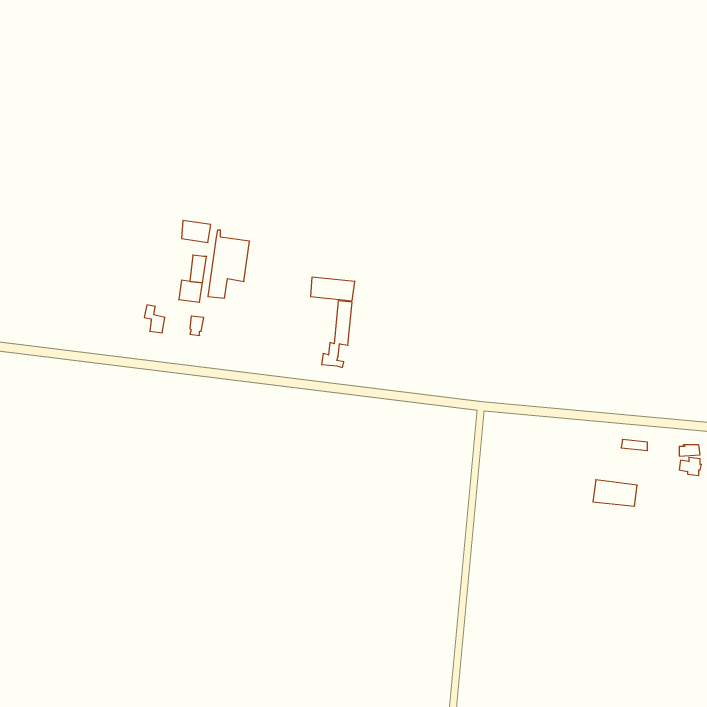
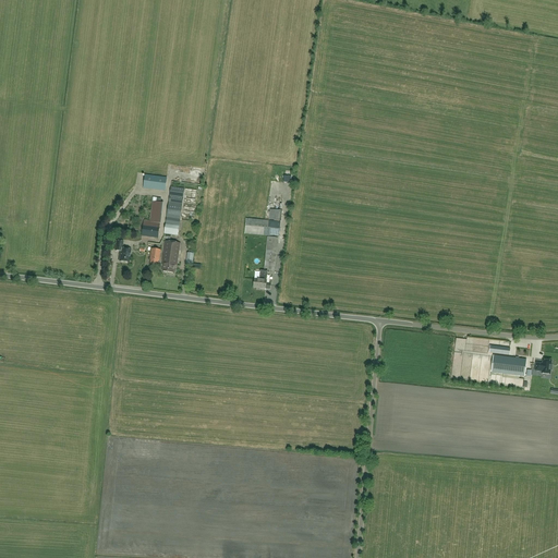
building: none -> [160,241,180,272]
building: [593,480,637,506] -> [490,354,525,375]

